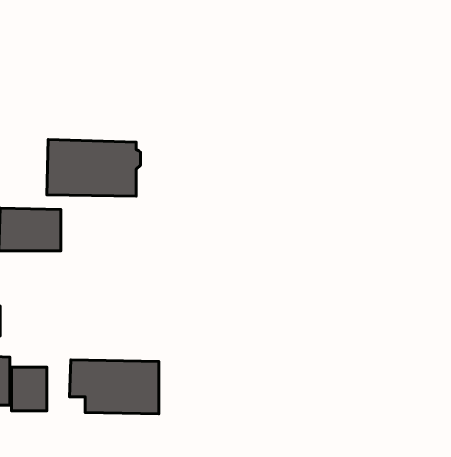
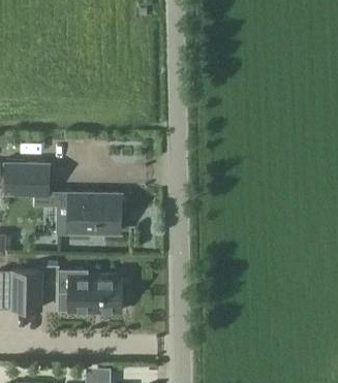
building: [47,139,140,196] -> [58,191,126,232]

